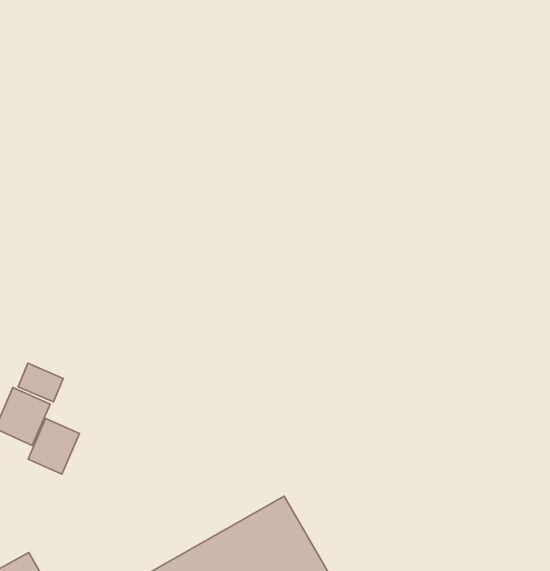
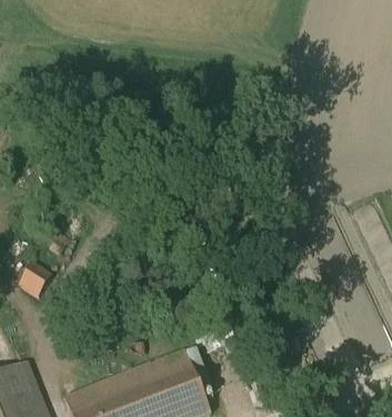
building: [28,419,79,474] -> none

